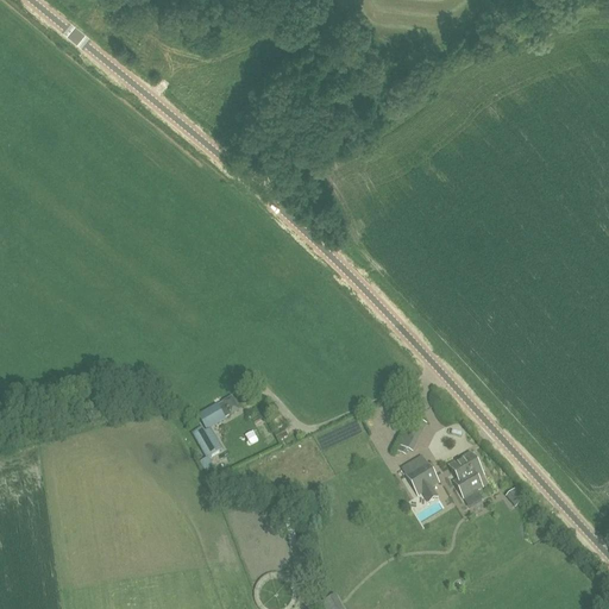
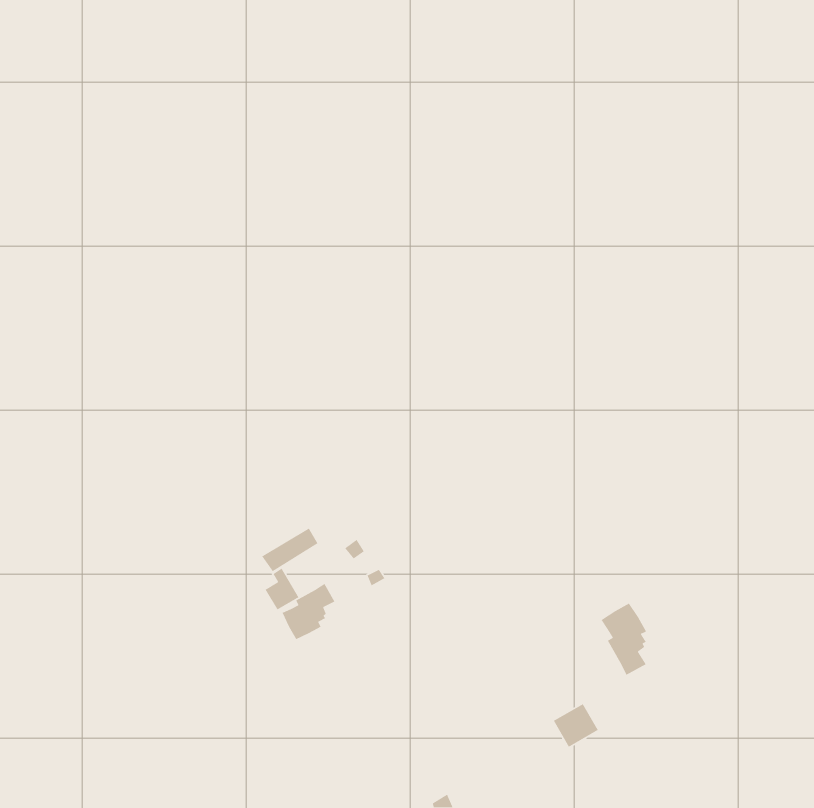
building: none -> [282,583,336,640]
building: [406,460,440,494] -> [553,703,599,748]

